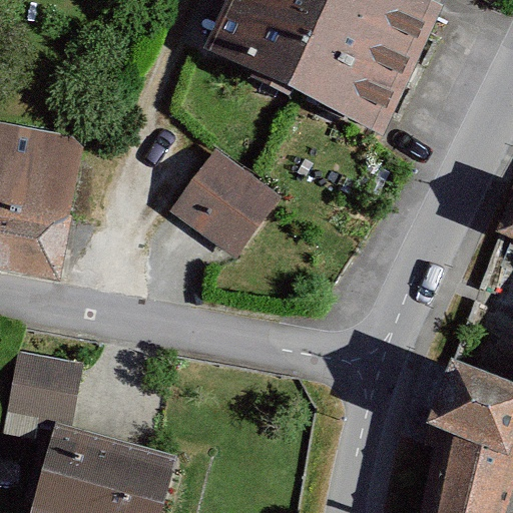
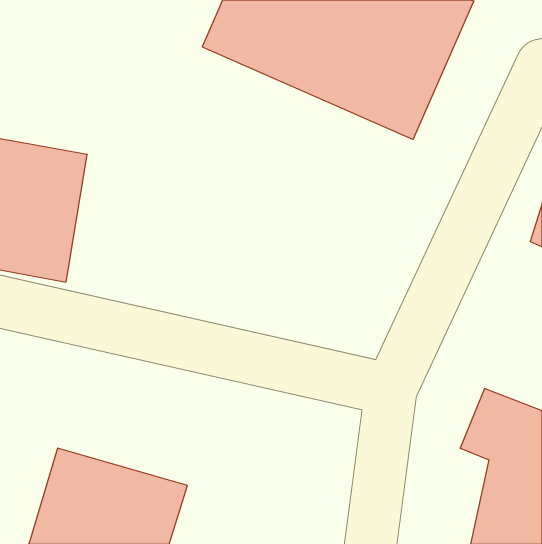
building: [169,150,270,249] -> none
building: [7,351,82,423] -> none

